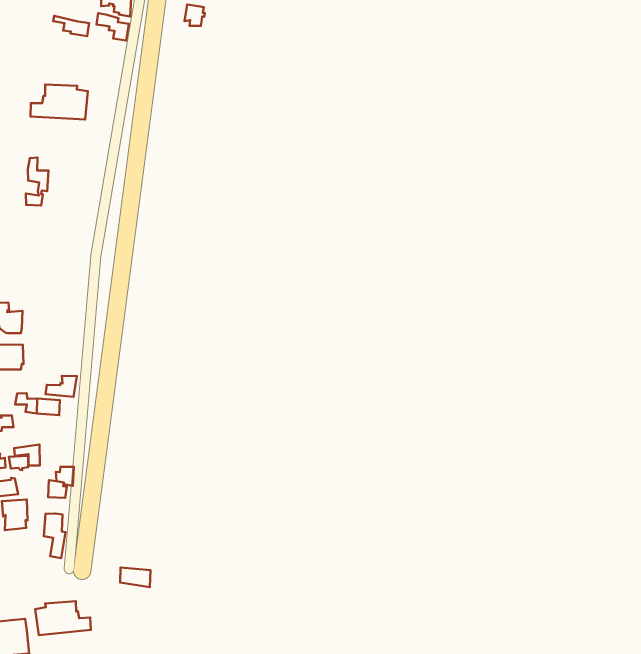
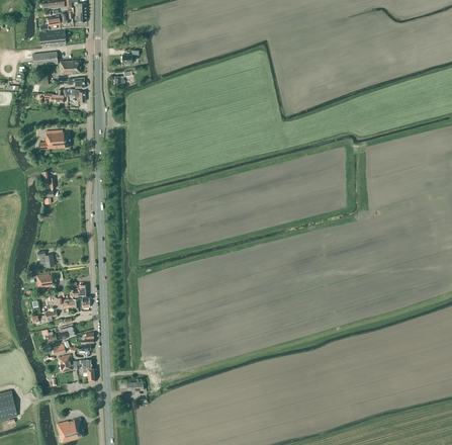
building: [35,601,91,635] -> none

